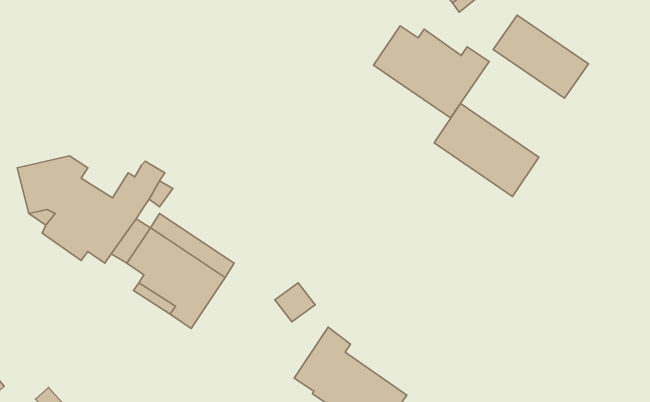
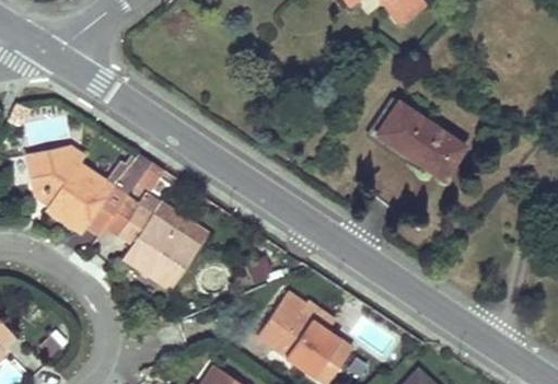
building: [493,15,588,98] -> none
building: [373,26,489,118] -> none

